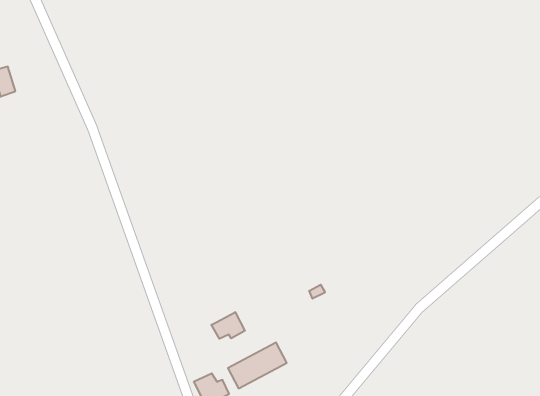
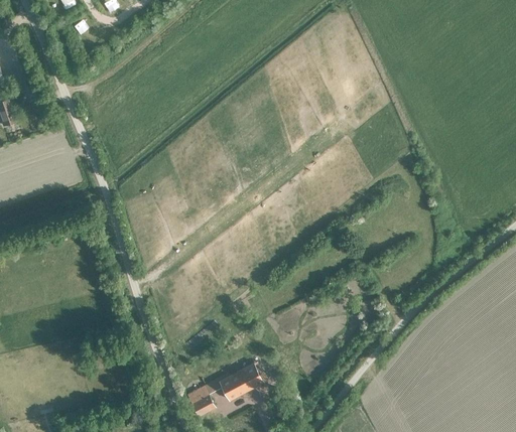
building: [211,312,245,339] -> none

